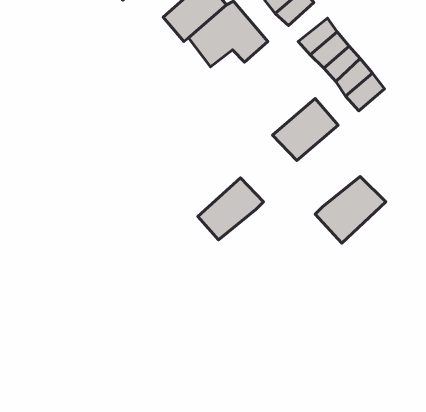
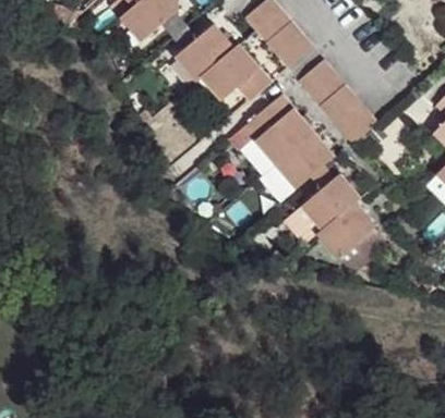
building: none -> [243,94,313,164]
building: [198,178,264,240] -> [301,173,360,229]

